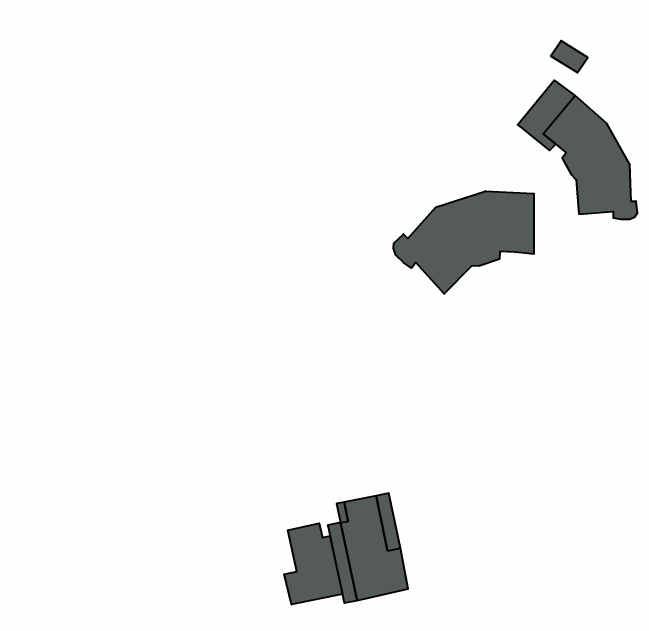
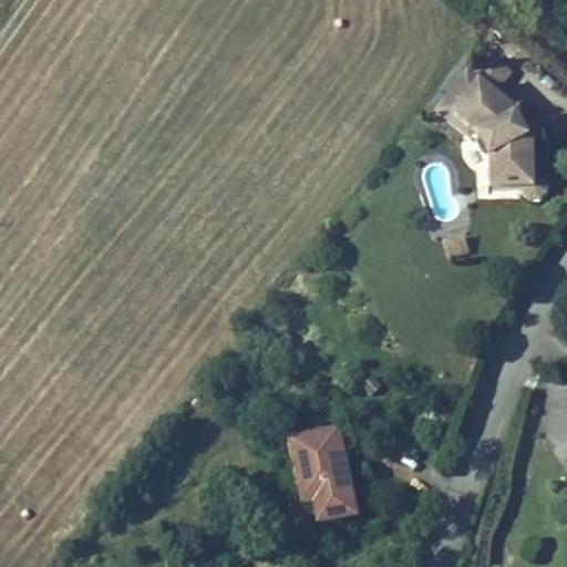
building: [393,191,534,294] -> none
building: [284,523,342,605] -> none

